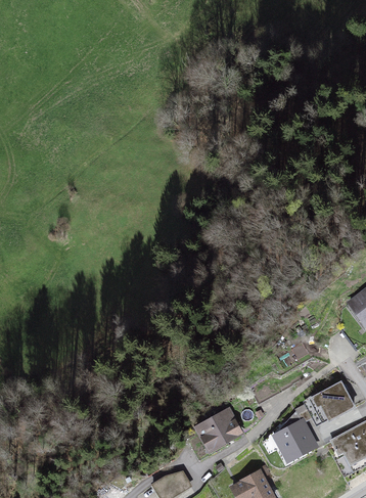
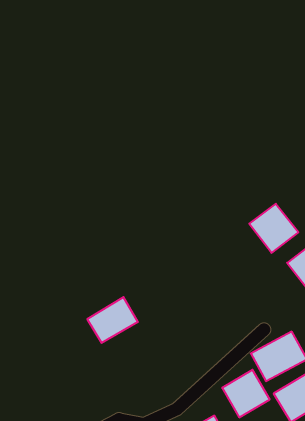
building: none -> [249,204,298,253]
building: [189,404,243,453] -> [87,297,138,343]

